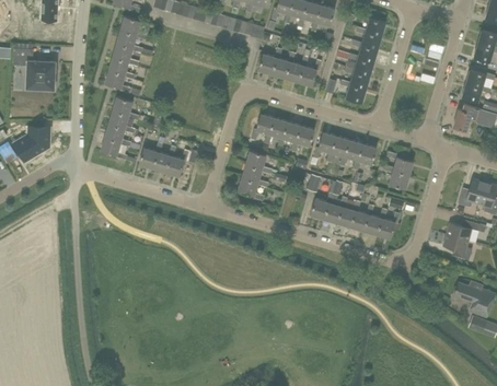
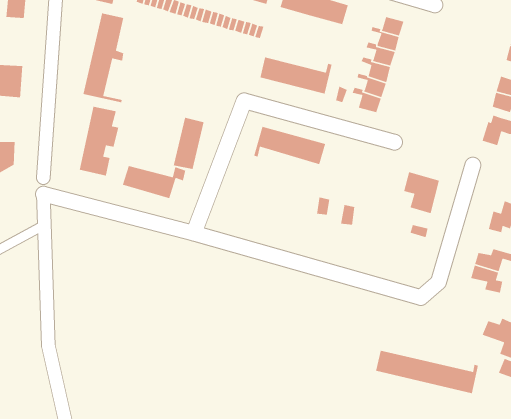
building: [315,132,379,165] -> none
building: [239,151,266,197] -> [173,117,205,170]
building: [310,200,400,238] -> [375,350,479,394]

